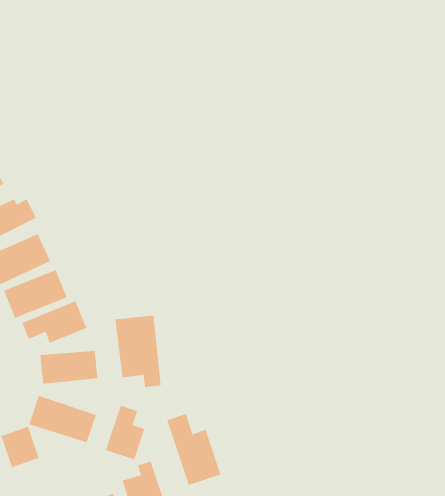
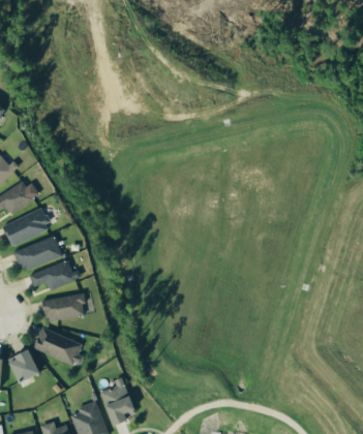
building: [115,315,161,388] -> none
building: [105,405,145,460] -> none
building: [167,413,221,486] -> none

